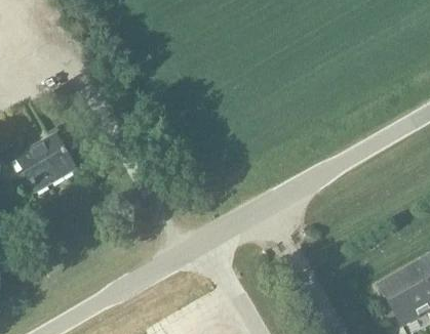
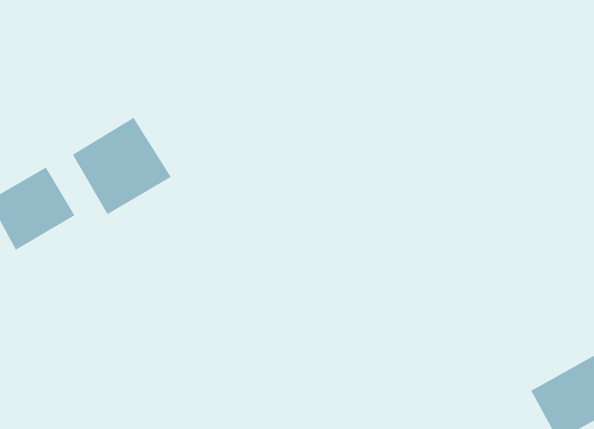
building: none -> [72,117,172,215]

